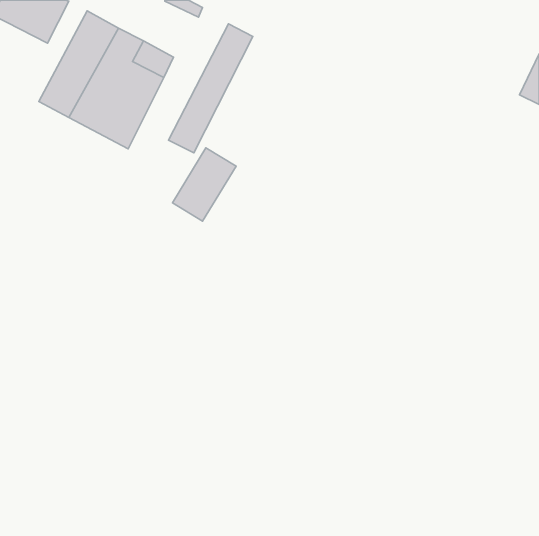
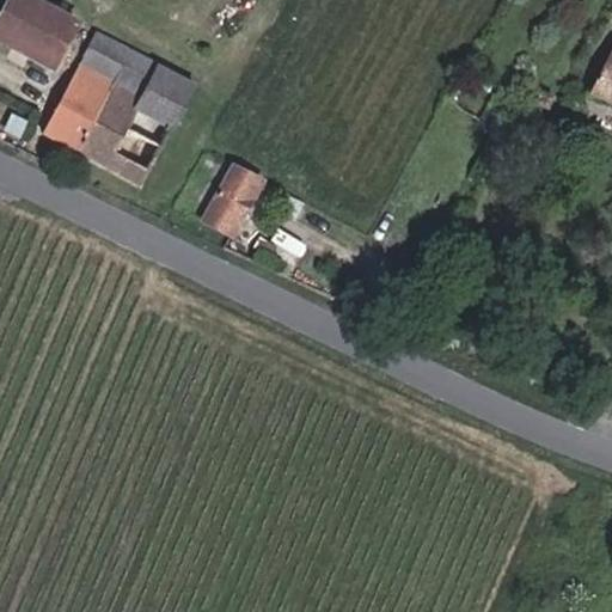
building: [168,24,253,153] -> none

